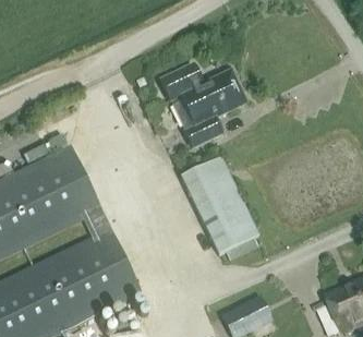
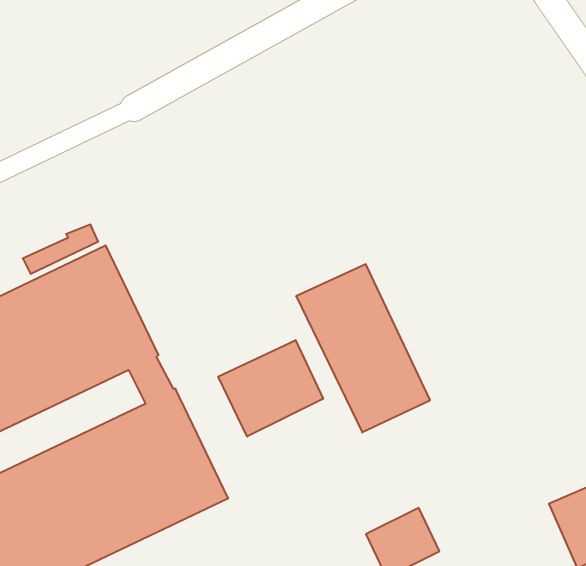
building: [160,64,245,147] -> none
building: none -> [218,340,323,437]

